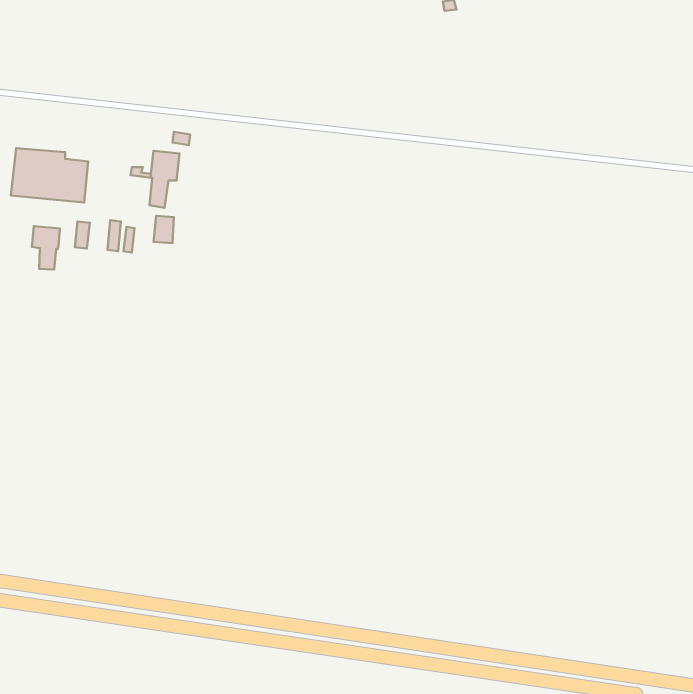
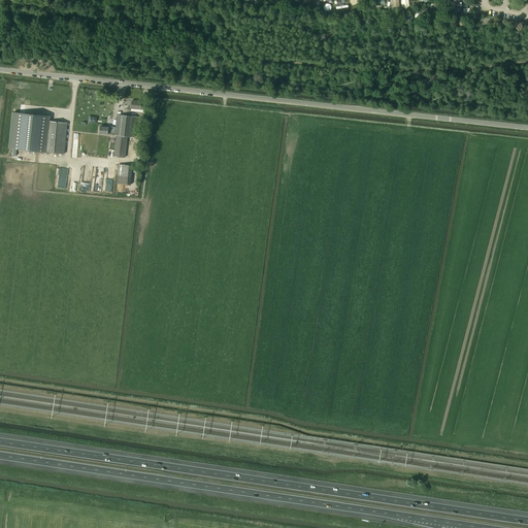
building: [32,226,60,269] -> none

